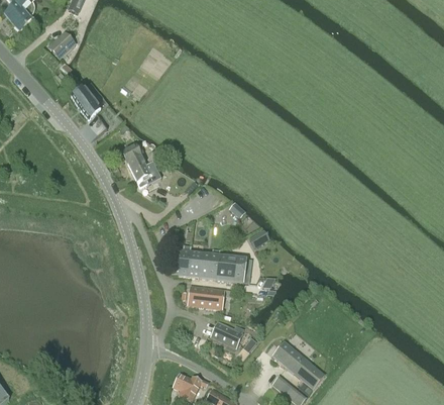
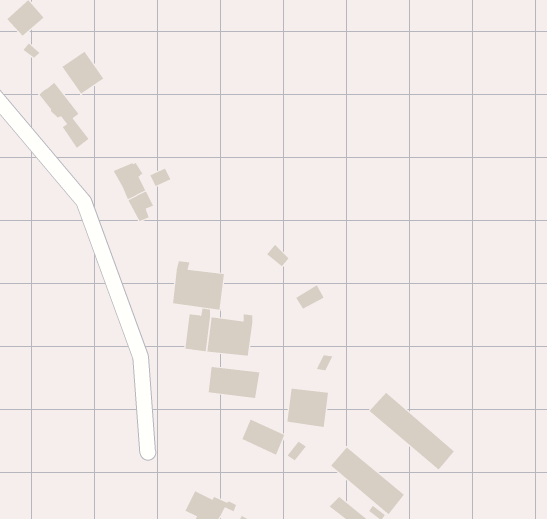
building: none -> [61,51,104,95]
building: none -> [172,260,225,311]
building: [217,256,246,283] -> [287,388,329,428]
building: none -> [368,392,455,470]

